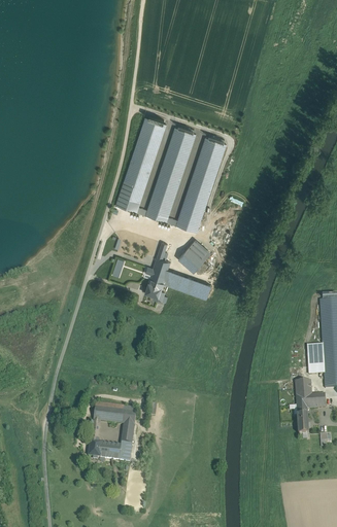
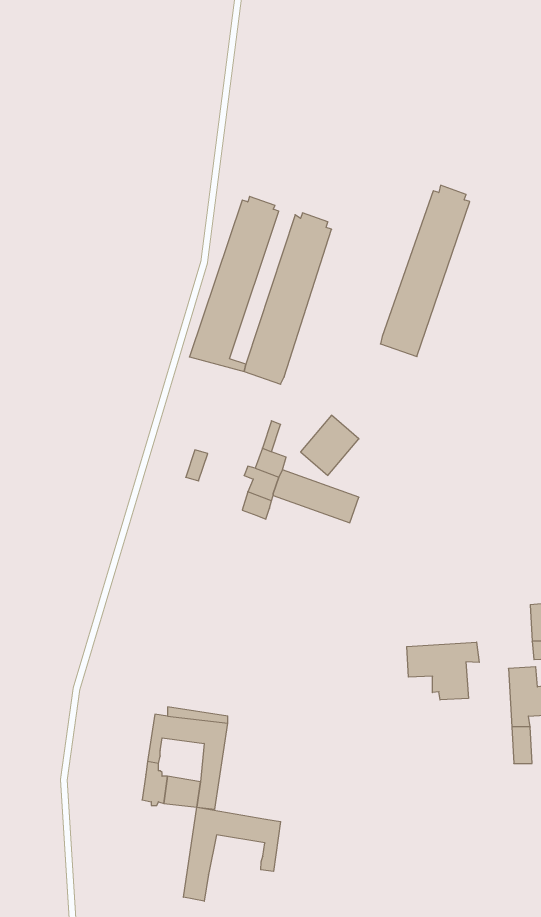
building: [176,134,227,231] -> [380,185,470,357]
building: none -> [407,642,479,700]
building: none -> [183,807,281,901]

